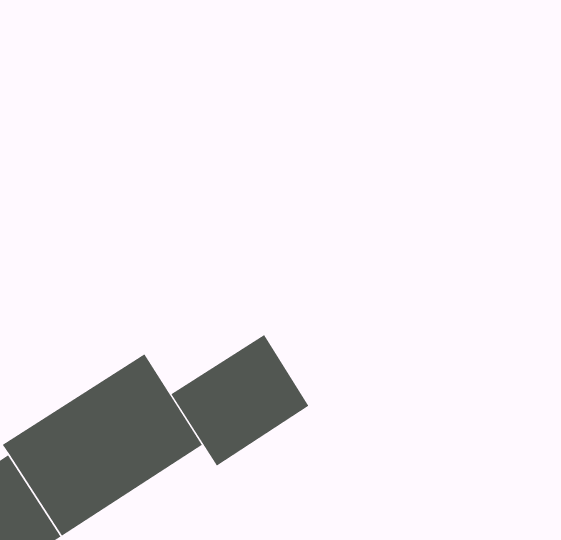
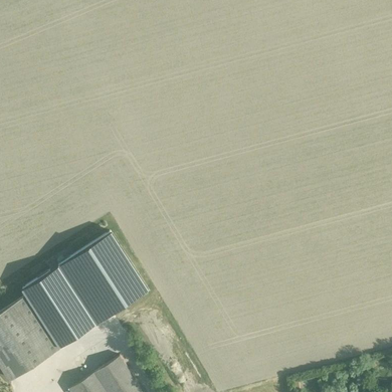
building: [170,334,309,466] -> none

